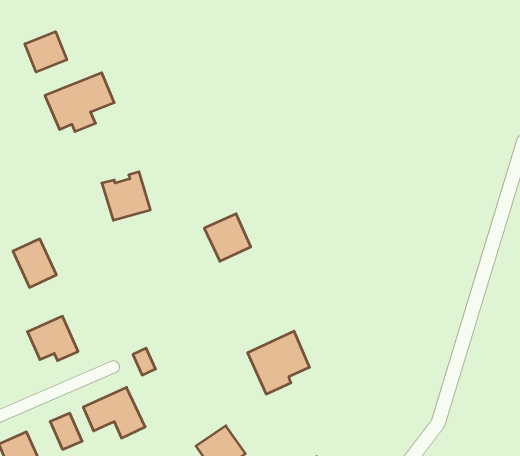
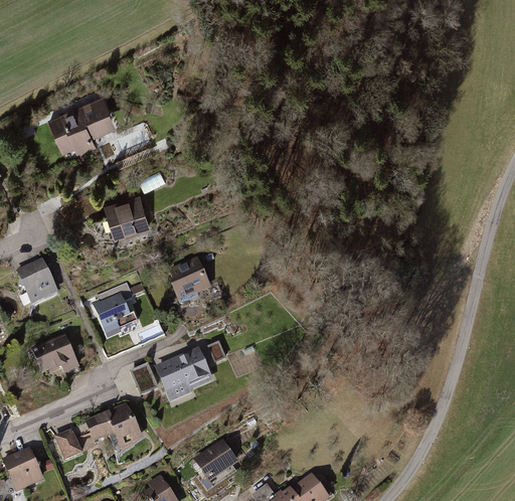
building: [25,32,67,72] -> none
building: [204,214,251,261] -> [166,257,211,303]
building: none -> [90,290,135,336]
building: [248,331,310,394] -> [154,345,214,406]

